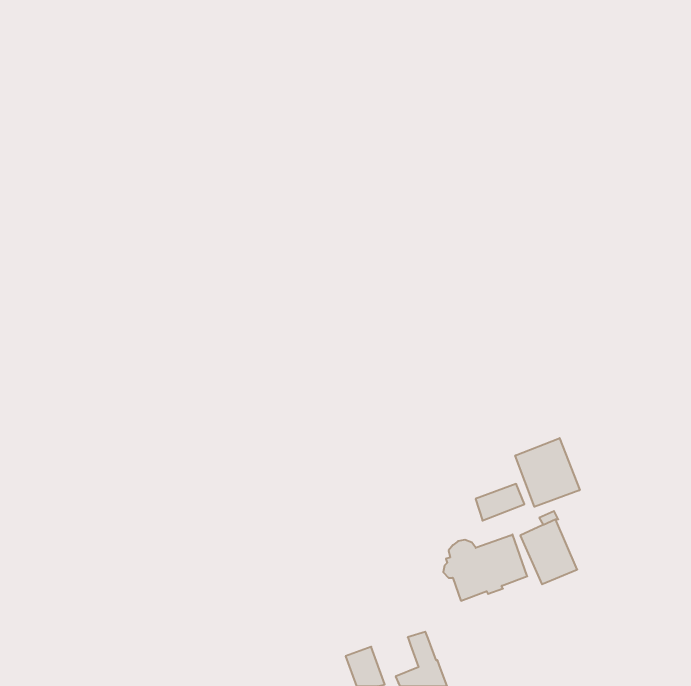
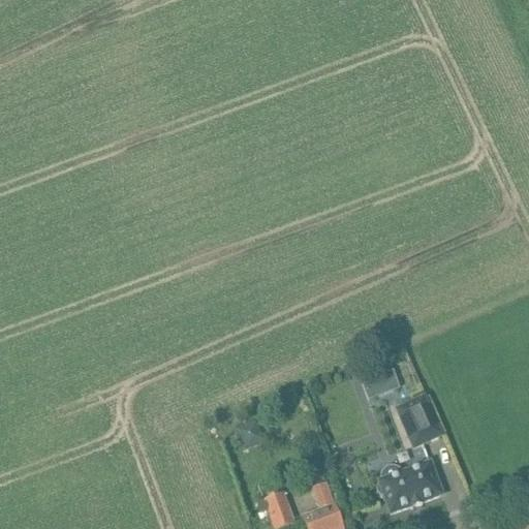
building: [515,438,580,507] -> none
building: [443,534,527,601] -> [378,461,442,511]

